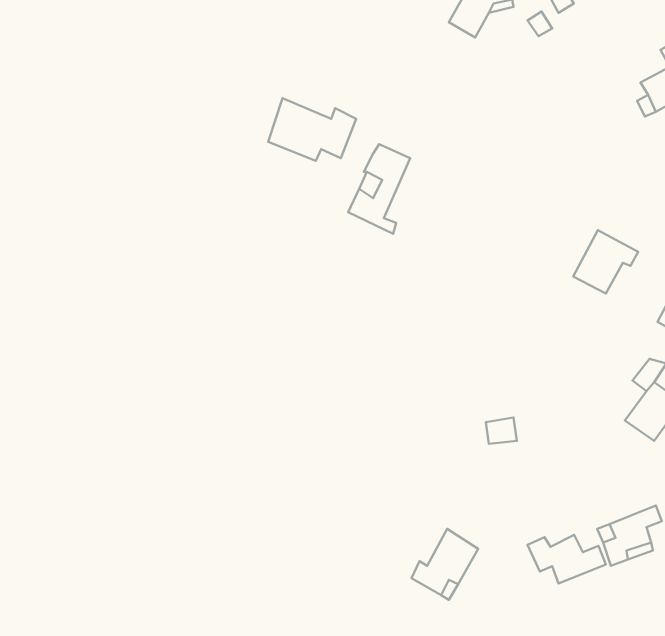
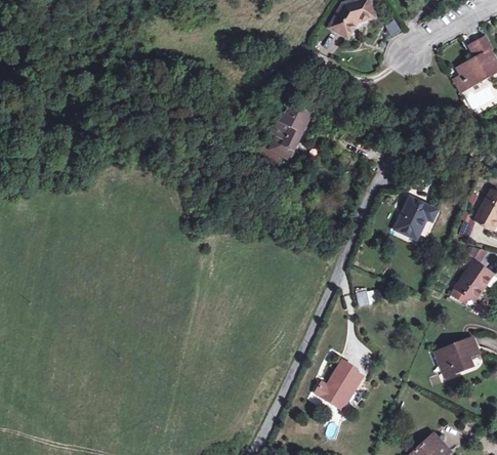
building: [268,98,356,161] -> none
building: [573,230,638,294] -> [392,202,436,244]
building: [528,535,606,584] -> none

